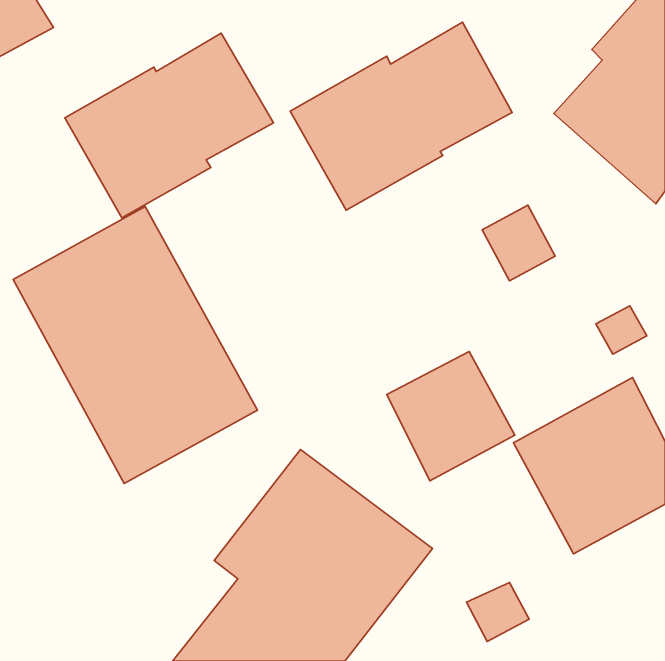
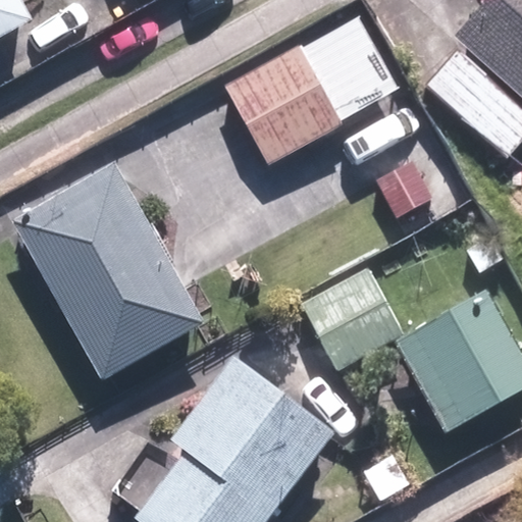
building: [65,33,273,218] -> none

